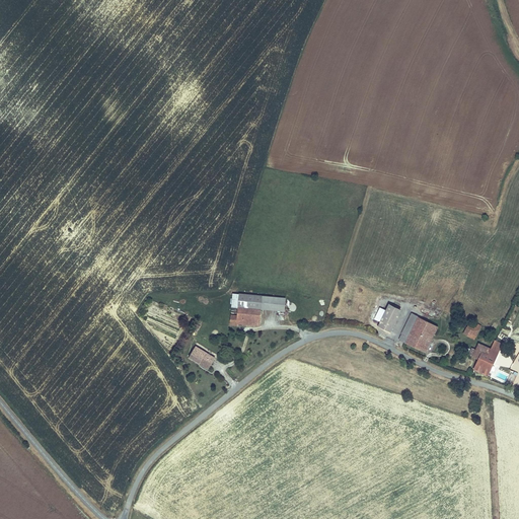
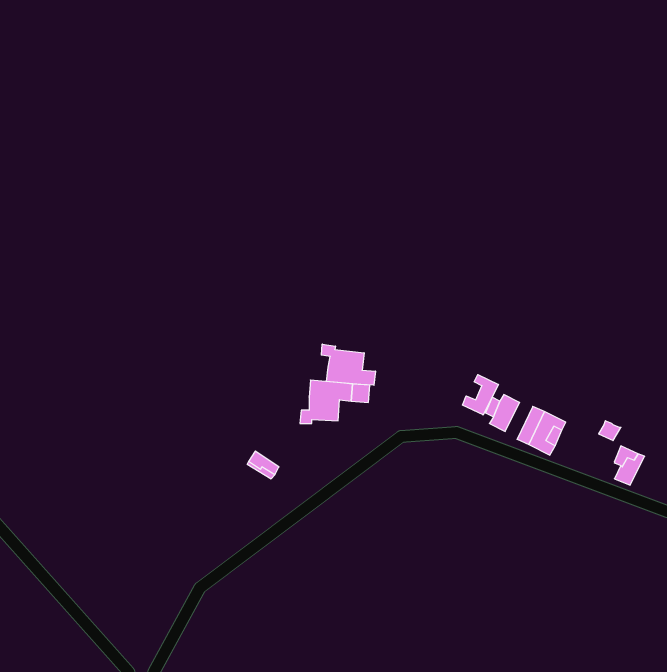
building: none -> [321,344,375,385]
building: none -> [463,375,498,415]

